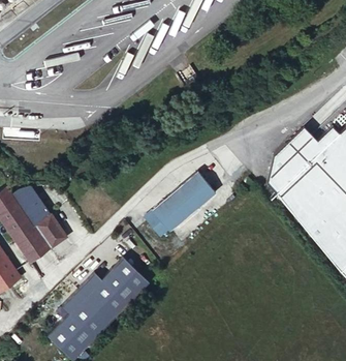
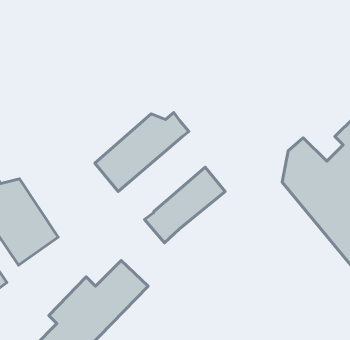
building: none -> [95,113,189,191]
building: [284,132,319,169] -> none

